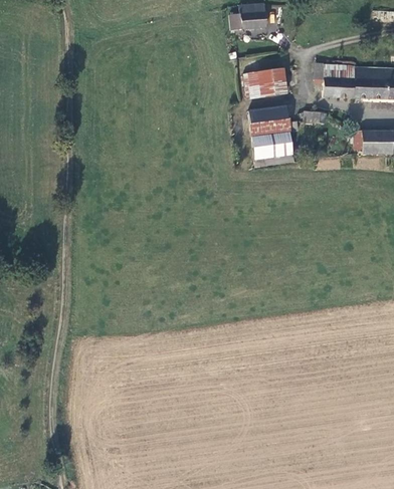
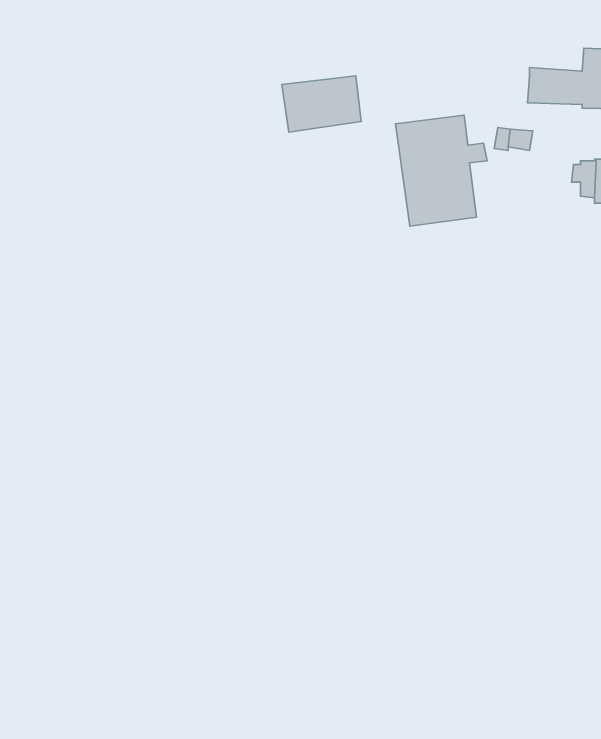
building: [314,61,356,81] -> none
building: [243,67,288,99] -> [282,76,361,132]

